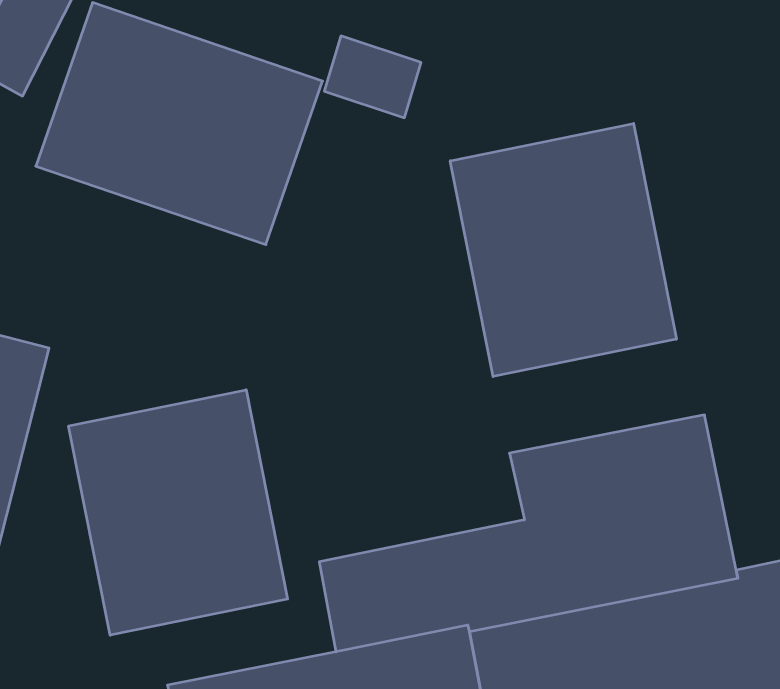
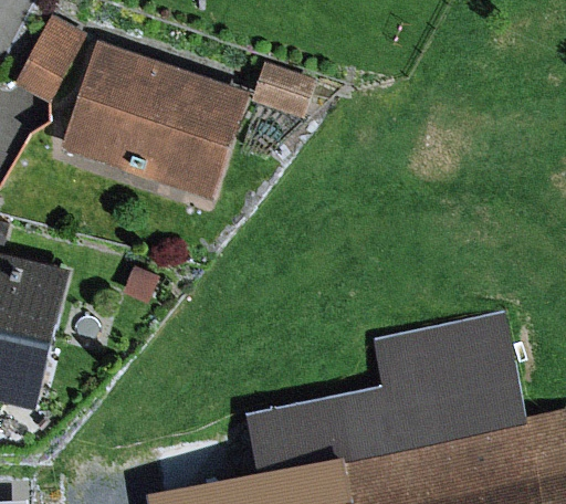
building: [450,123,676,377] -> none
building: [69,390,288,635] -> none

